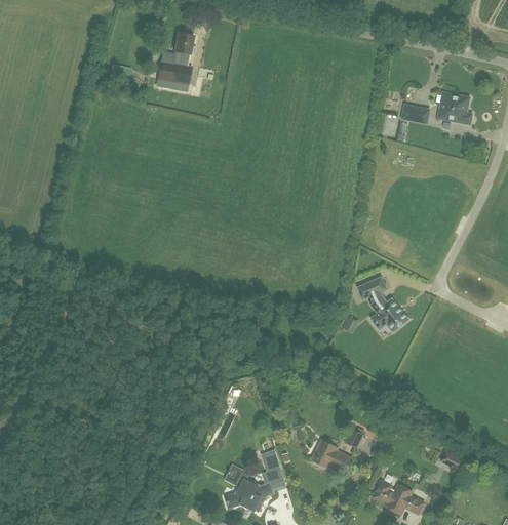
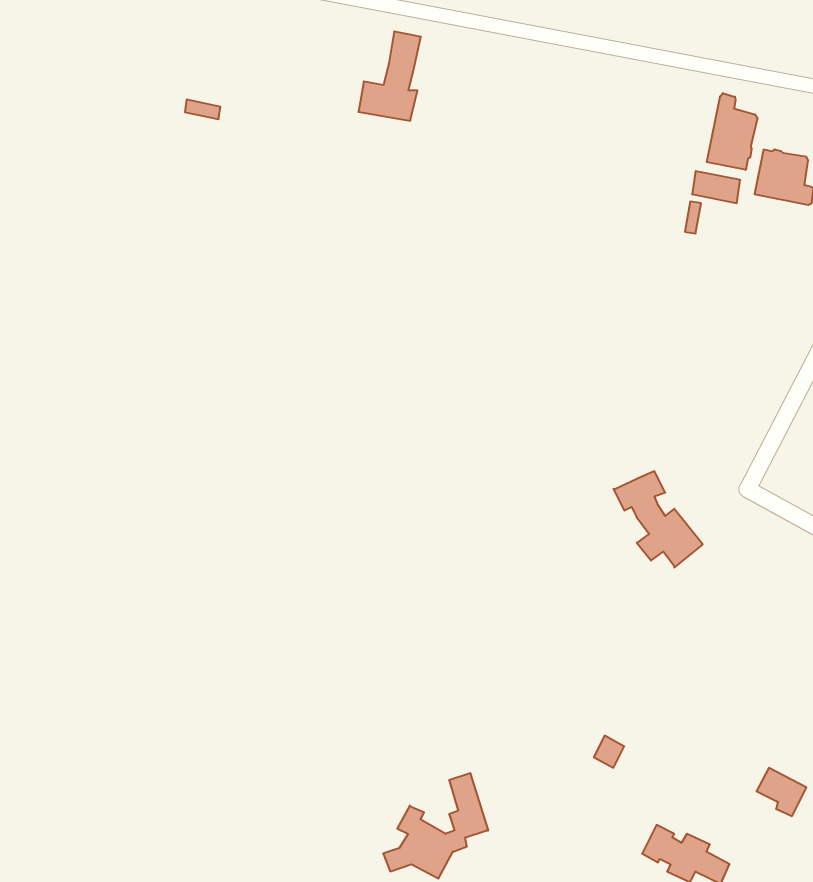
building: [157,32,193,83] -> [358,31,421,121]
building: none -> [707,93,757,170]
building: [313,440,350,471] -> none

